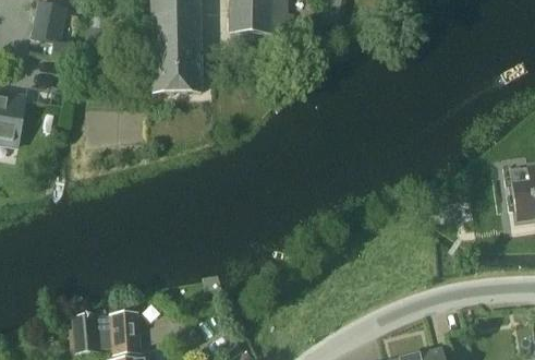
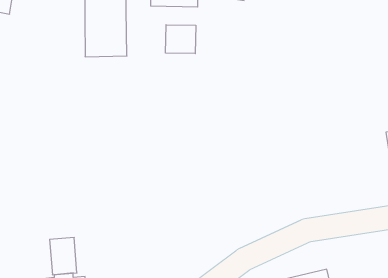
building: none -> [166,25,196,54]
building: [73,314,99,350] -> none

